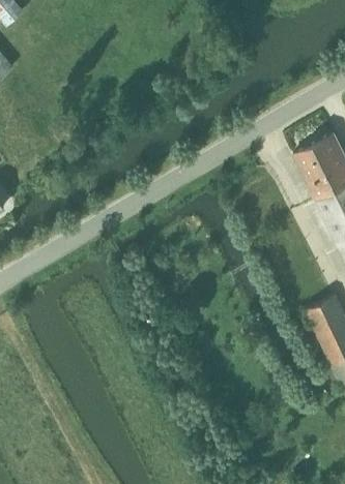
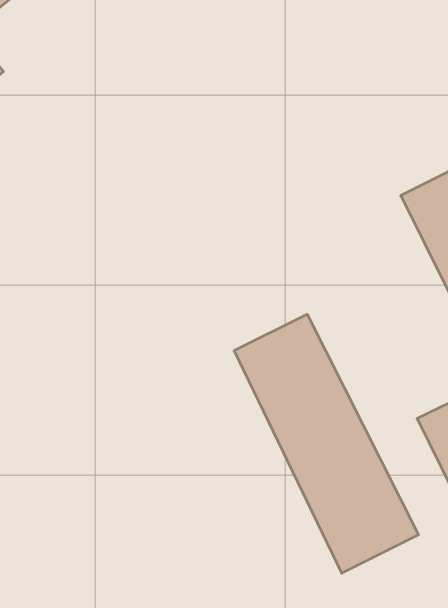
building: none -> [234,314,418,573]

